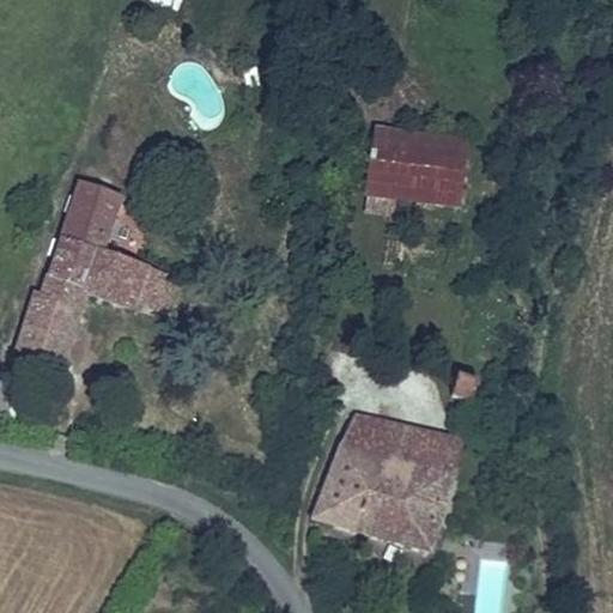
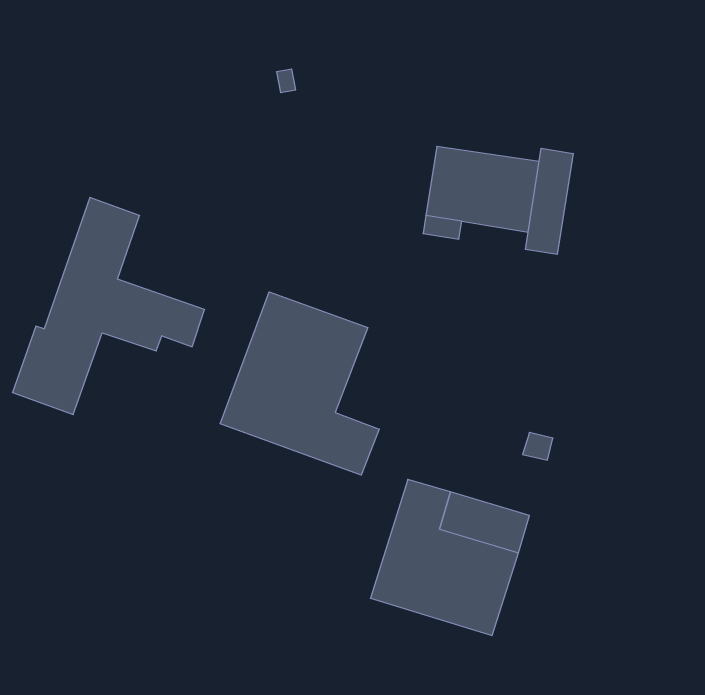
building: none -> [525,148,573,254]
building: none -> [220,292,379,475]

